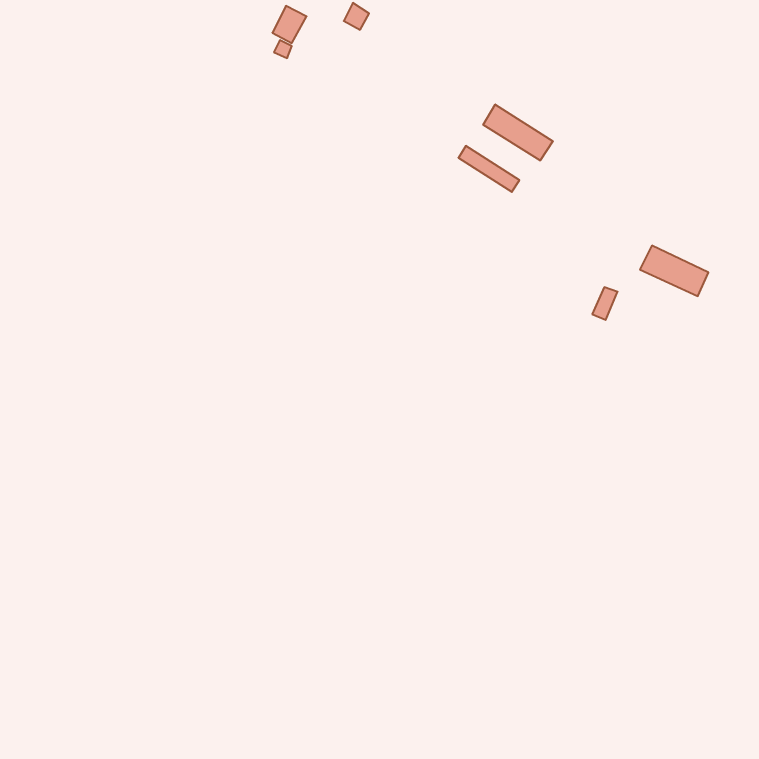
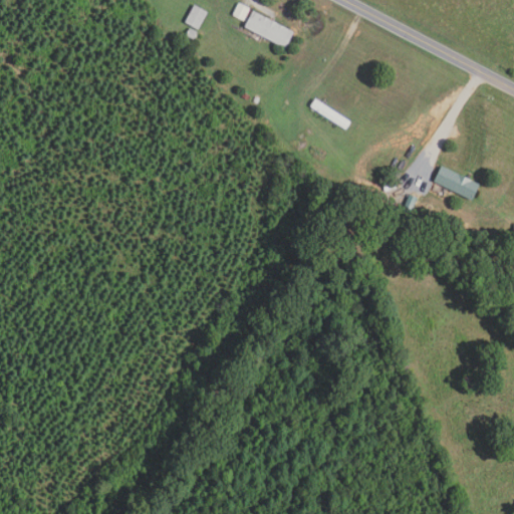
building: none -> [244,10,293,48]
building: [483,104,553,161] -> none

